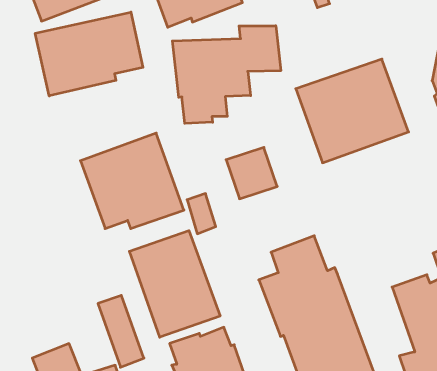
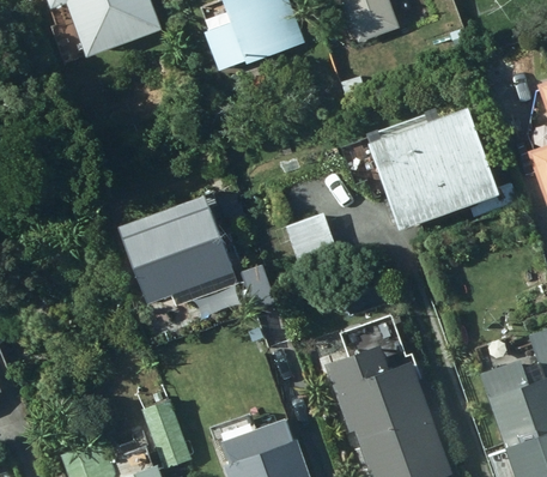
building: [35,12,143,96] -> none
building: [172,26,281,123] -> none
building: [129,231,220,337] -> none

